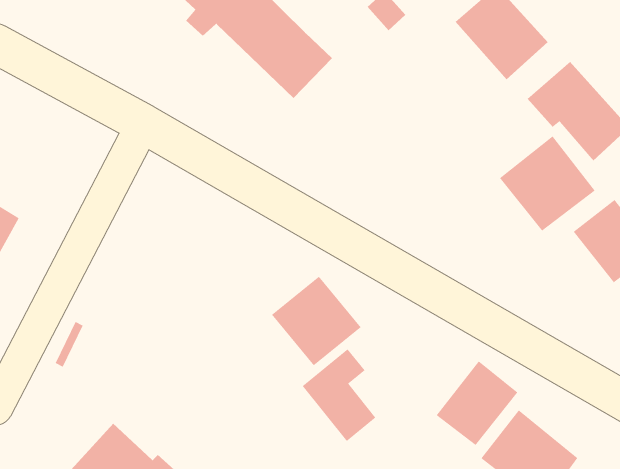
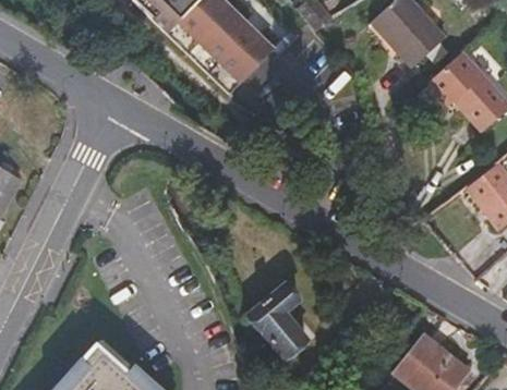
building: [499,136,595,232] -> none
building: [271,276,362,366] -> none
building: [436,361,518,446] -> none

